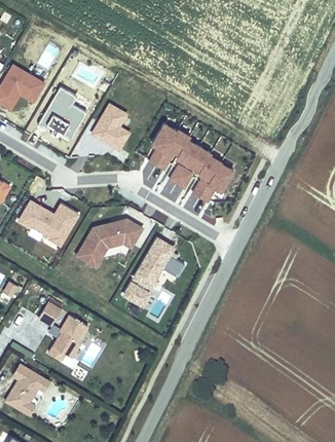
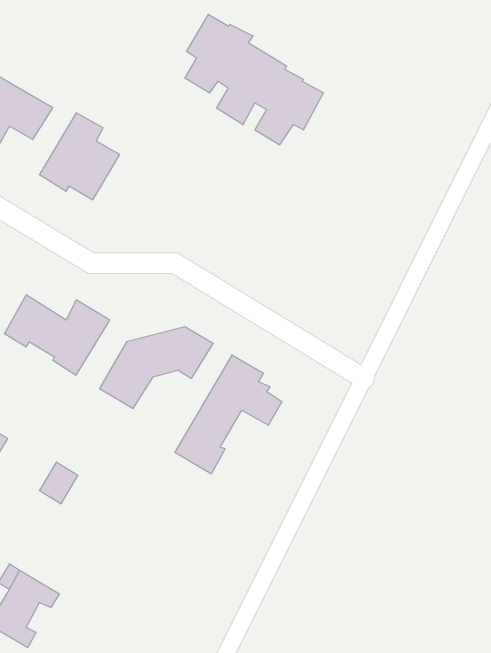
building: [90,102,132,151] -> none
building: [149,122,234,202] -> [185,14,323,145]
building: [48,315,88,361] -> none

